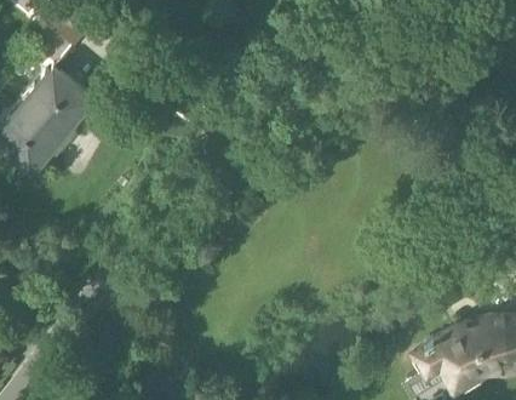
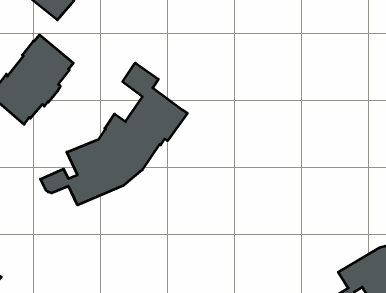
building: none -> [40,63,187,205]

